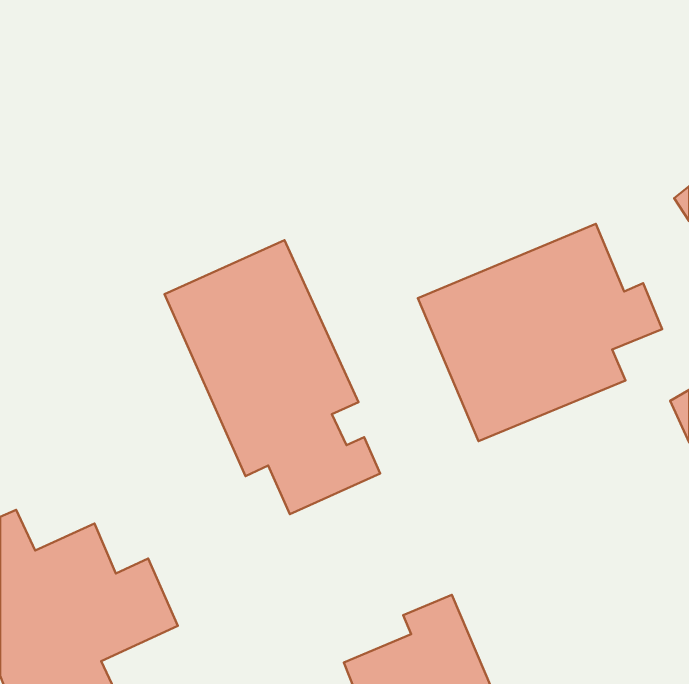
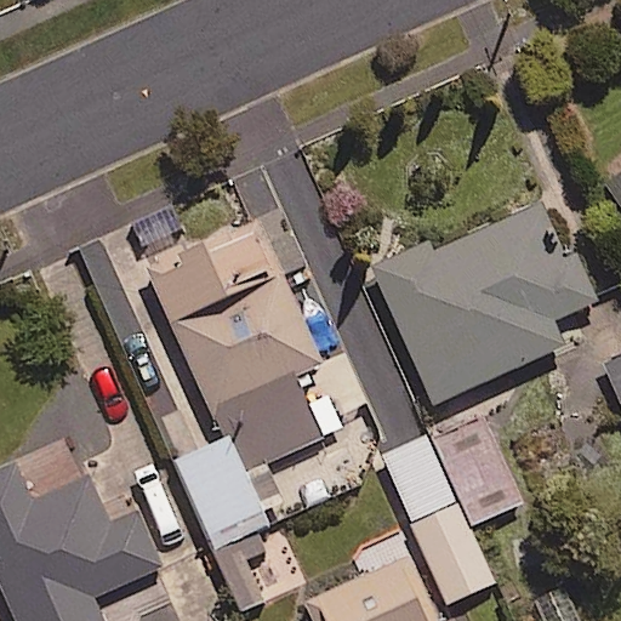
building: none -> [378,426,522,606]
building: none -> [173,438,277,551]

